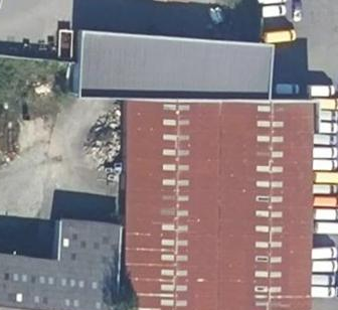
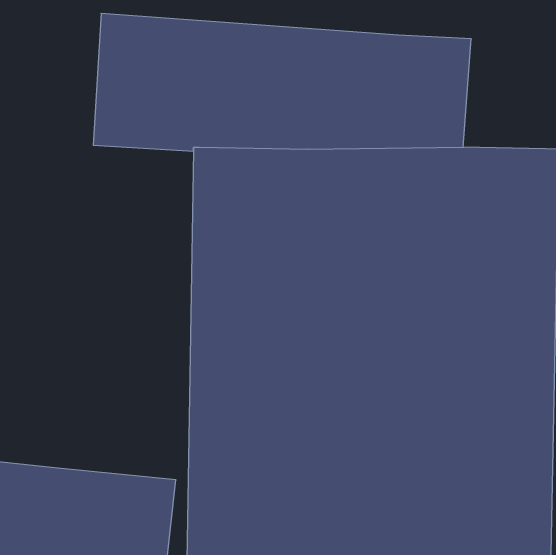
building: [55,221,120,267] -> none

